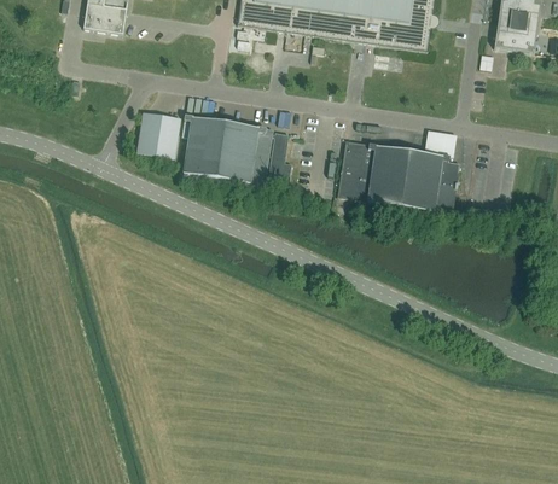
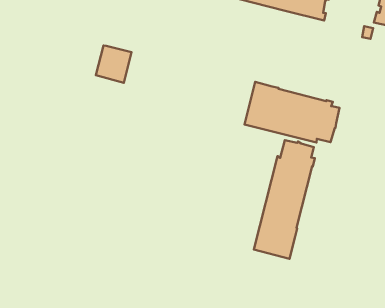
building: [182,113,290,183] -> none
building: none -> [254,140,315,259]

